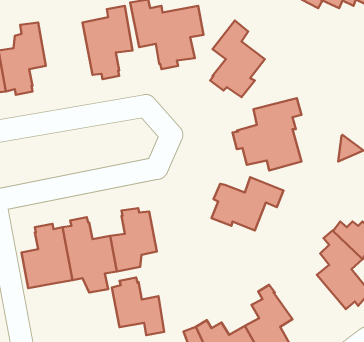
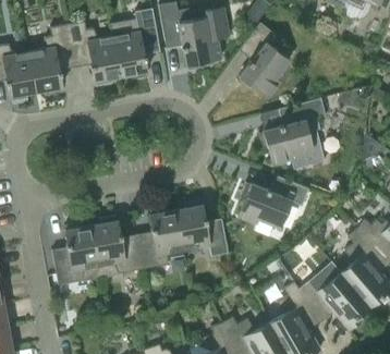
building: none -> [68,21,121,85]
building: none -> [298,271,369,329]
building: [112,277,164,335] -> [176,199,228,256]

